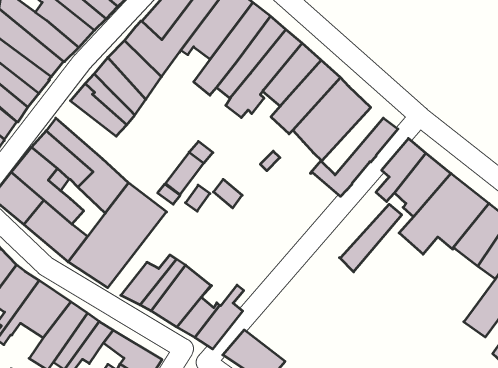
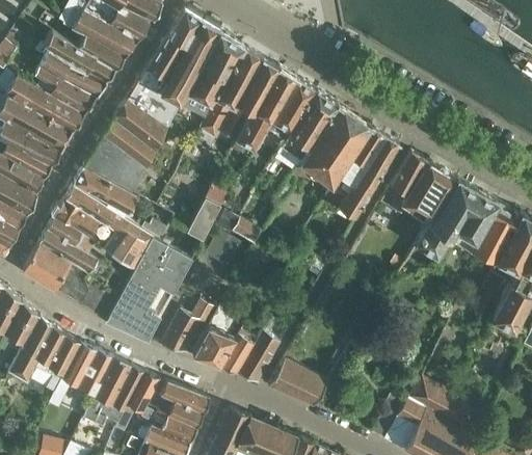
building: none -> [73,166,137,217]
building: [339,204,402,272] -> [331,128,384,197]

